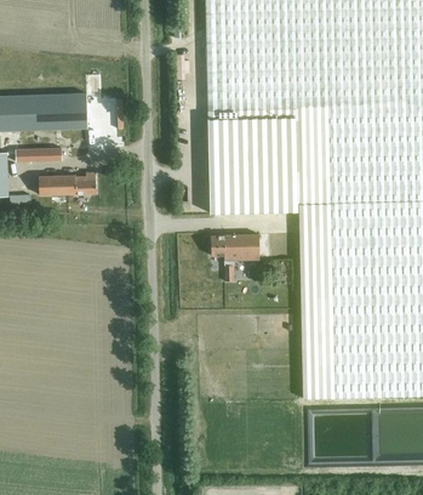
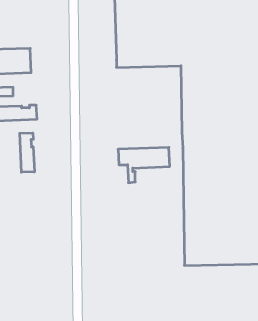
building: [207,118,299,212] -> none
building: none -> [20,133,34,172]

